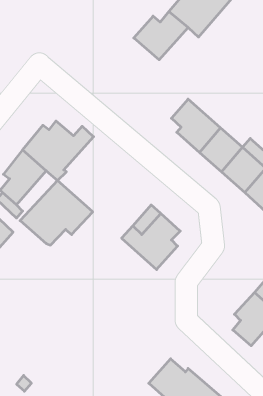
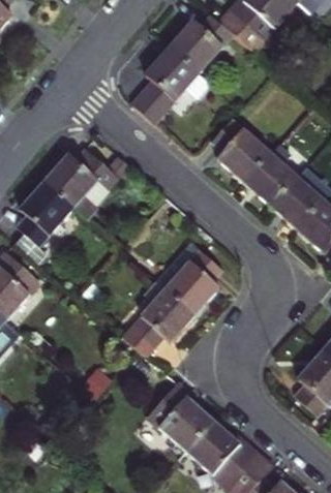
building: none -> [141,51,218,126]
building: [20,180,93,245] -> [117,287,203,364]
building: none -> [156,394,219,459]

